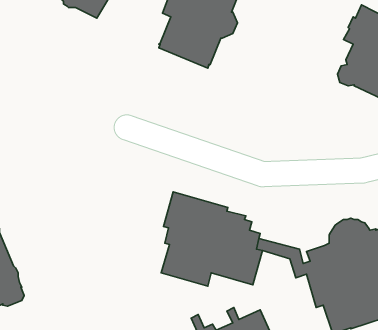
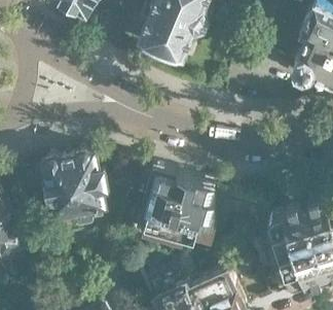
building: none -> [20,154,107,235]

